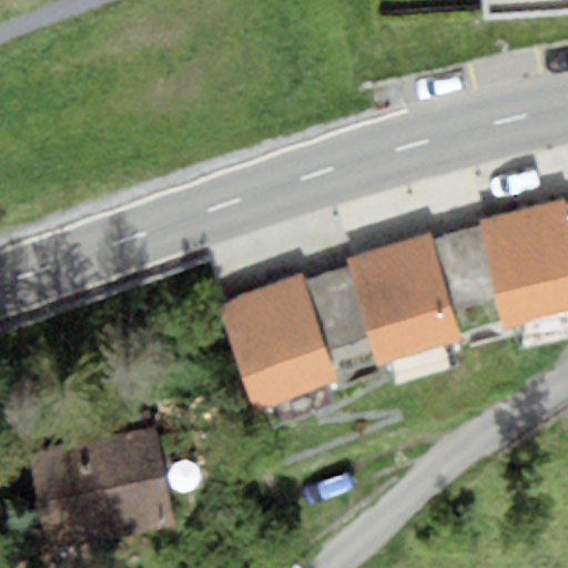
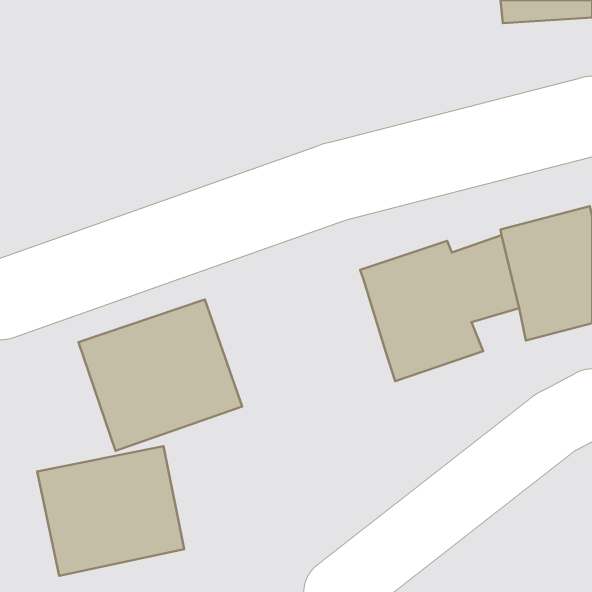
building: [216,268,369,414] -> none
building: none -> [79,300,242,451]

